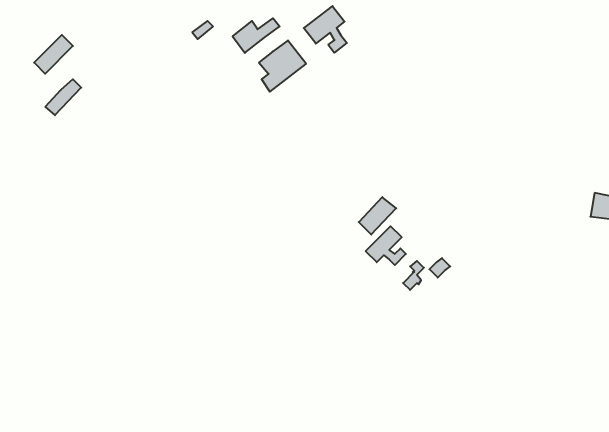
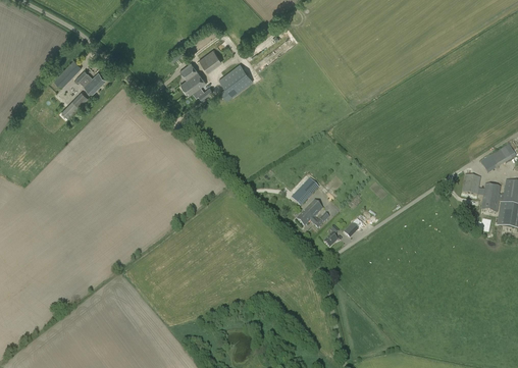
building: [304,6,347,53] -> none
building: none -> [178,62,212,100]
building: none -> [73,70,105,94]

